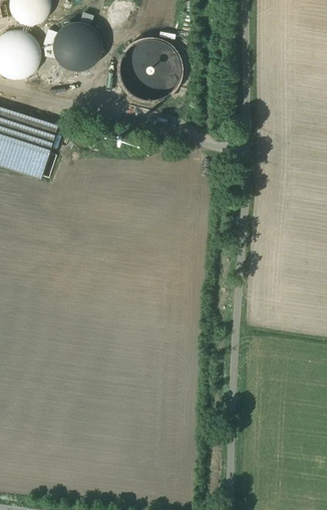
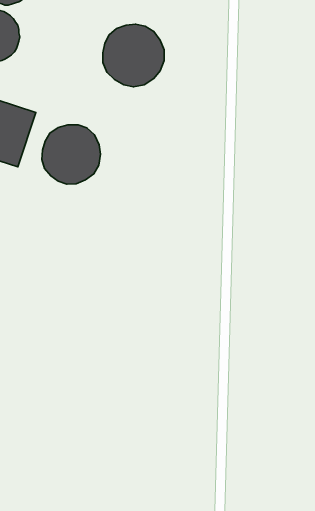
building: [54,25,102,73] -> none
building: none -> [42,125,101,184]

